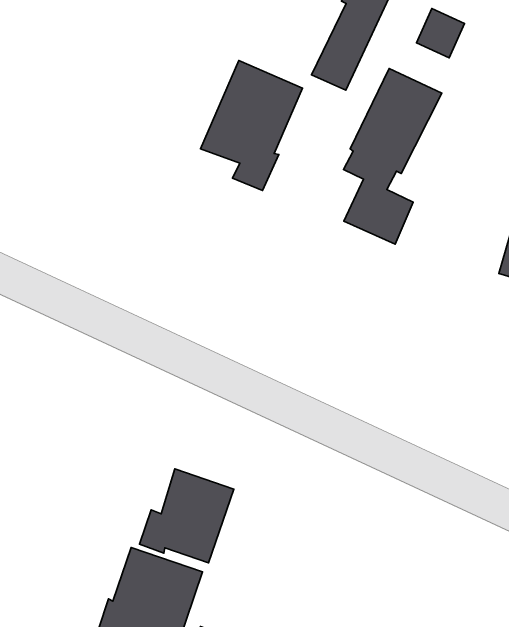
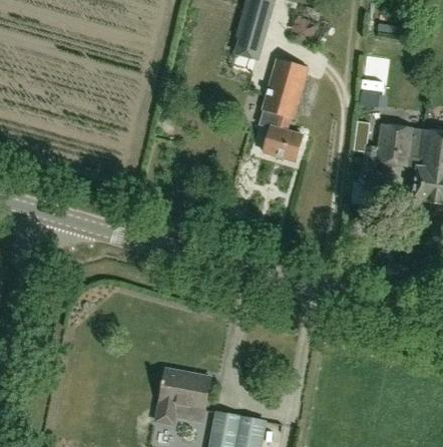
building: [200,61,302,191] -> none
building: [140,469,234,563] -> none

